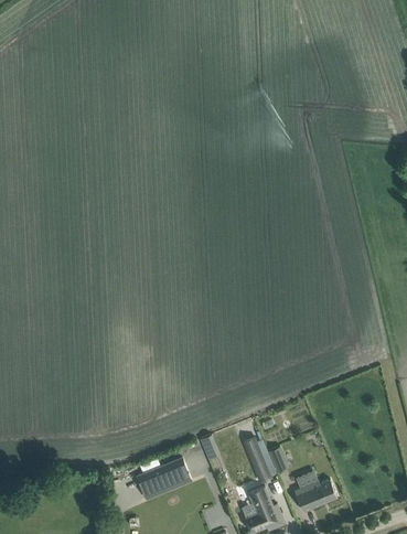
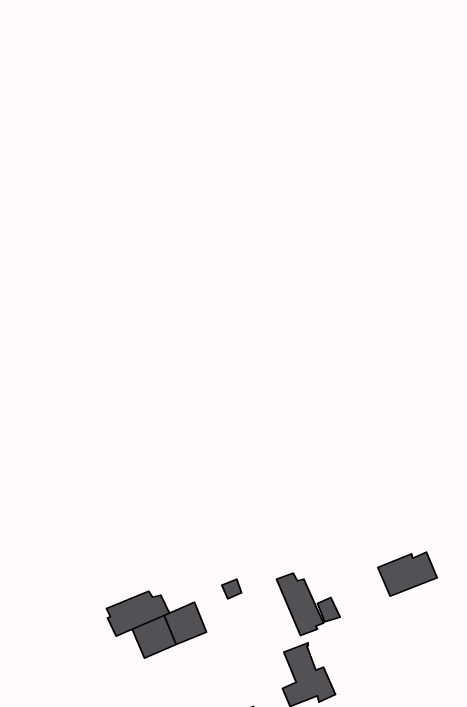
building: none -> [107,591,170,636]
building: [293,479,336,511] -> [378,552,437,596]

